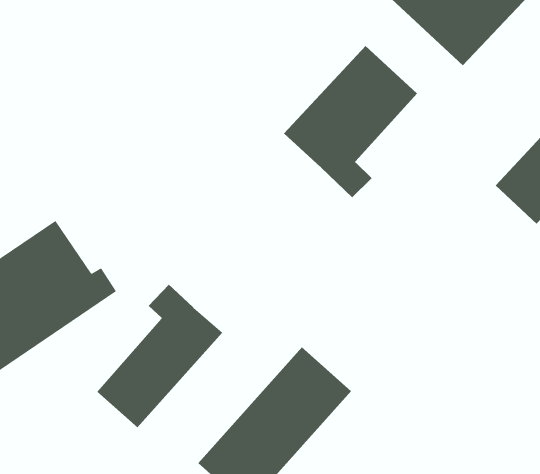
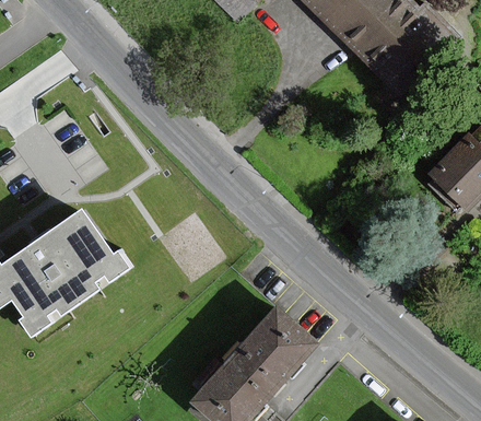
building: [283,45,418,198] -> none
building: [97,284,223,428] -> none

